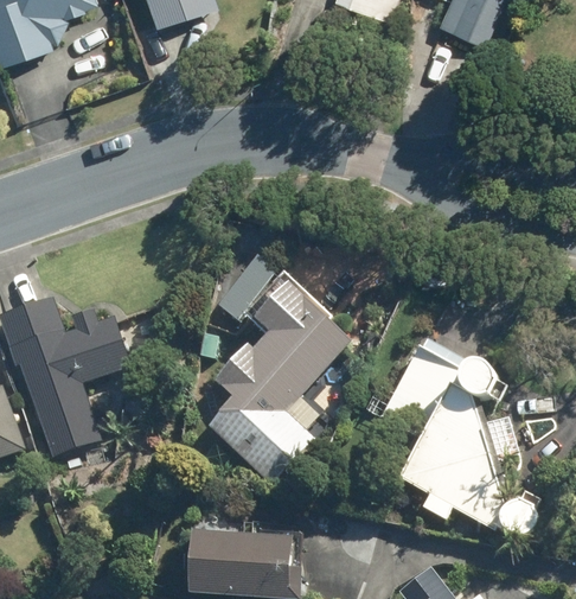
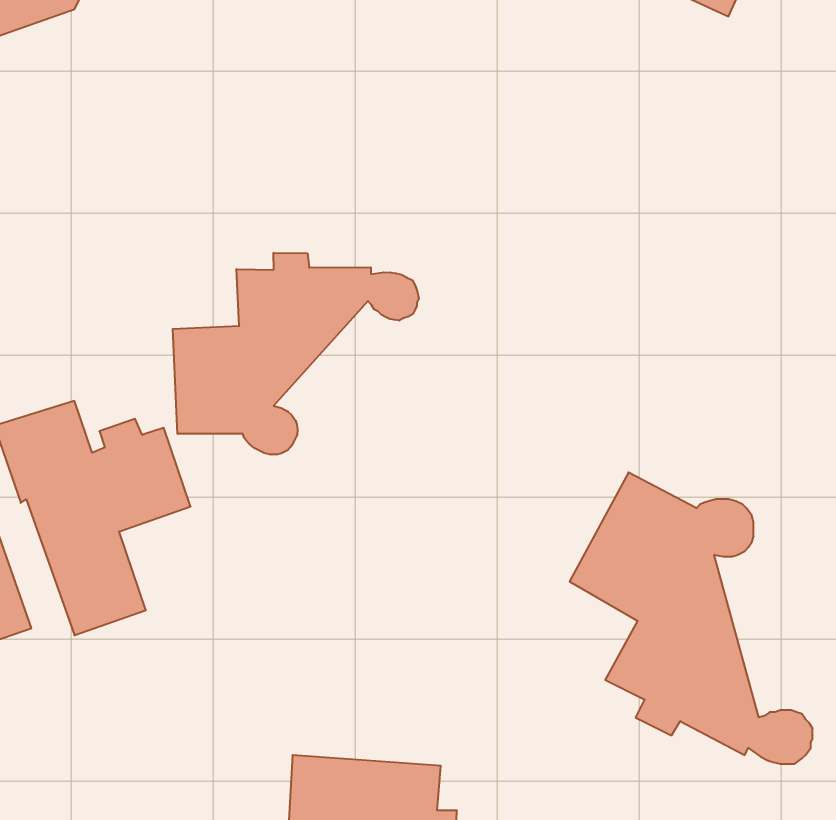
building: none -> [173,253,419,455]
building: [210,283,350,479] -> none

